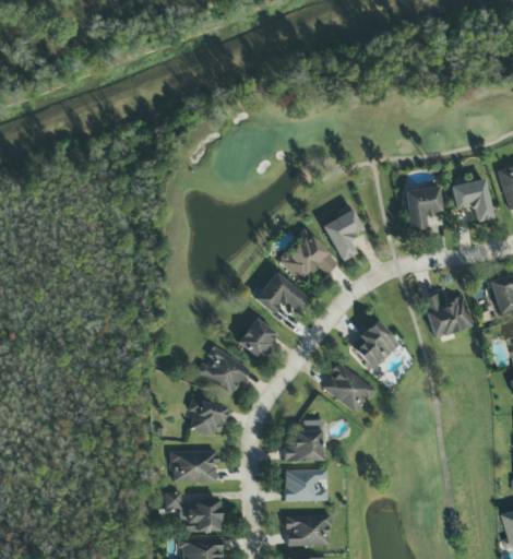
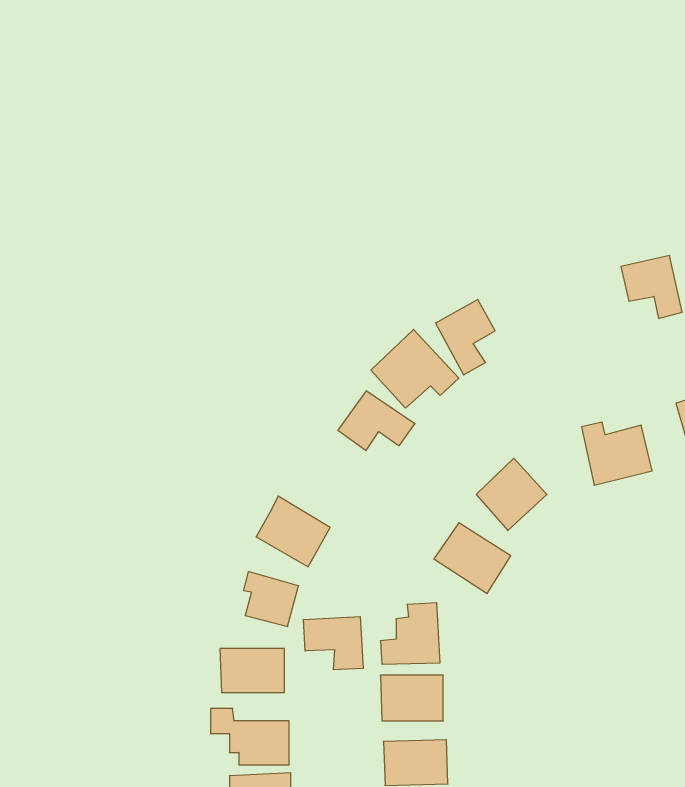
building: [405,186,442,230] -> none
building: [237,318,277,358] -> none
building: none -> [303,617,363,670]

